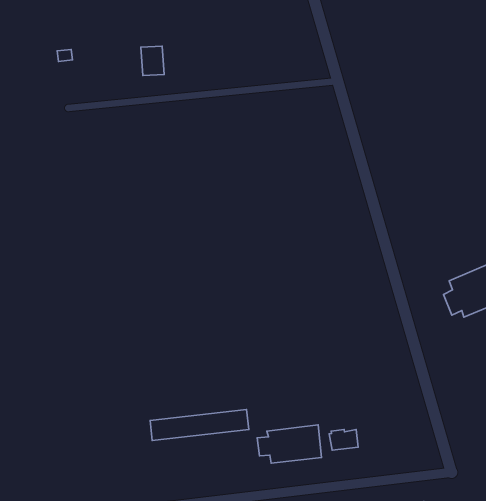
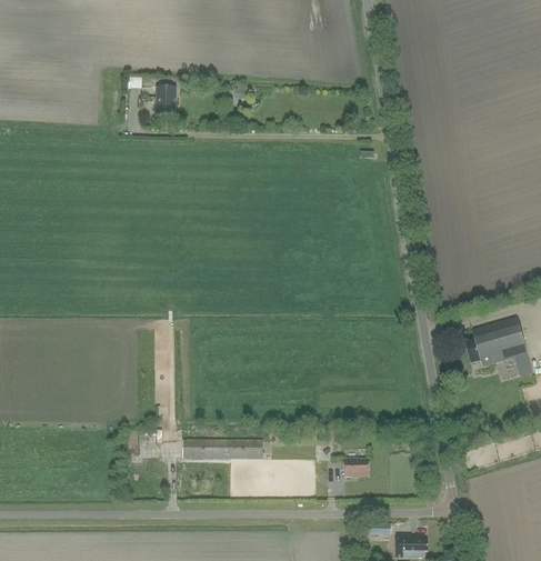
building: [141,46,164,76] -> [156,87,177,114]
building: [257,425,321,463] -> none

